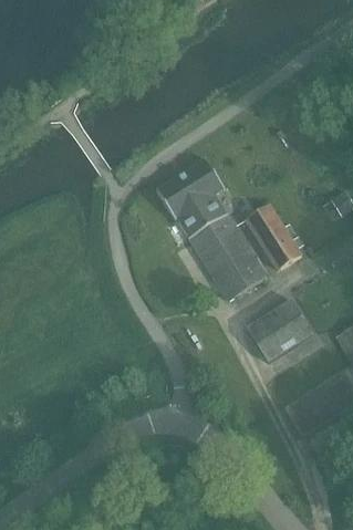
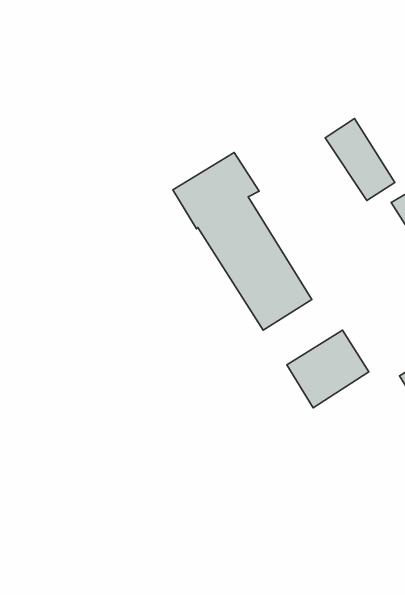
building: [245,202,300,268] -> [325,118,395,200]

